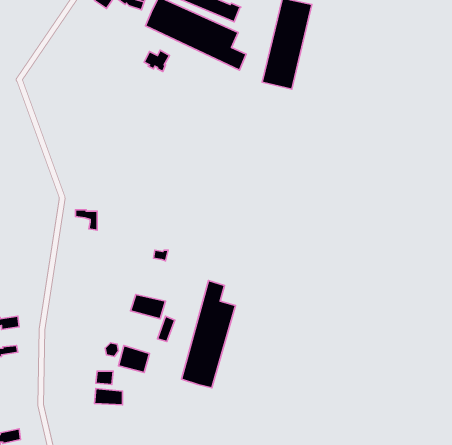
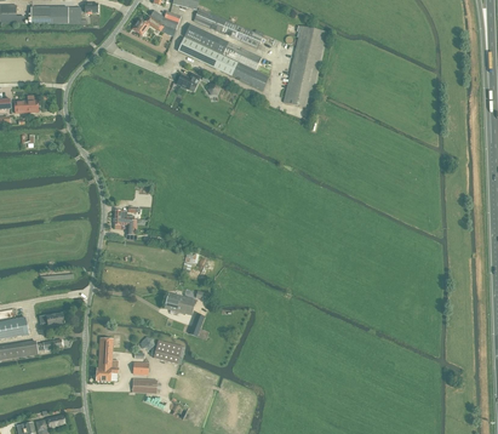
building: [182,280,235,388] -> none
building: none -> [96,337,118,379]

